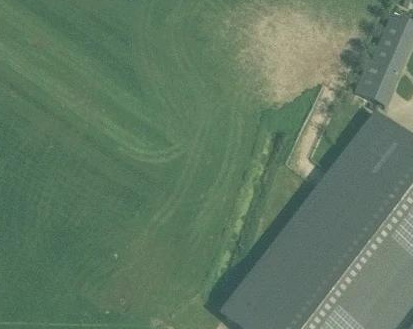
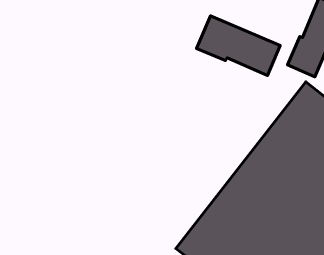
building: none -> [196,16,280,75]

